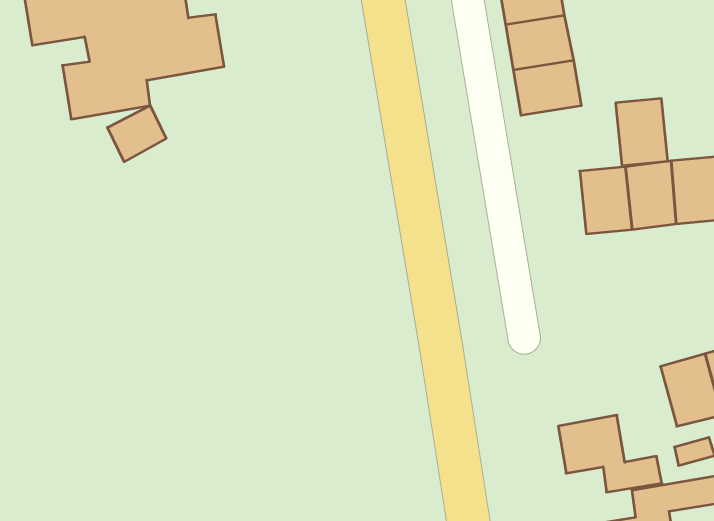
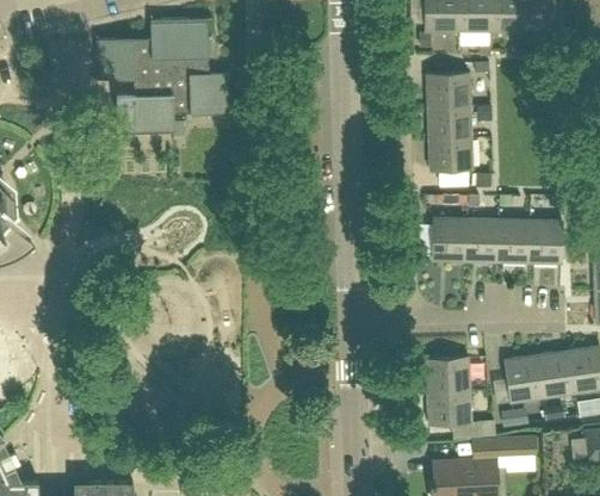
building: [616,99,668,166] -> [432,215,465,260]
building: [107,105,166,162] -> none
building: none -> [425,355,469,391]

